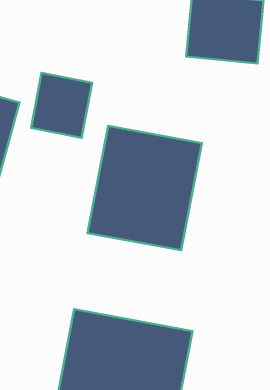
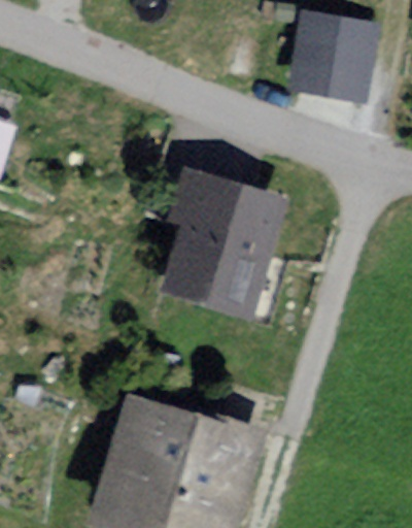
building: [31,73,92,138] -> none

